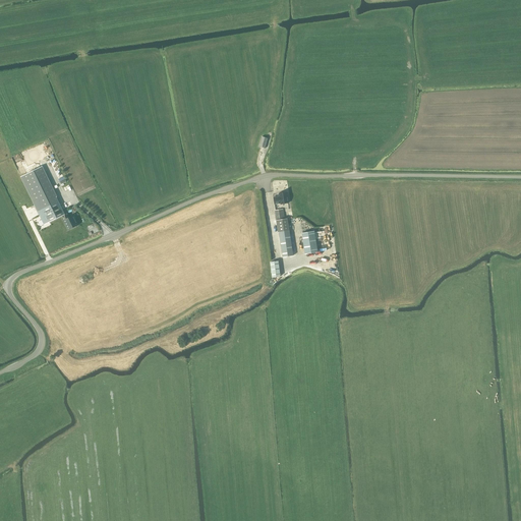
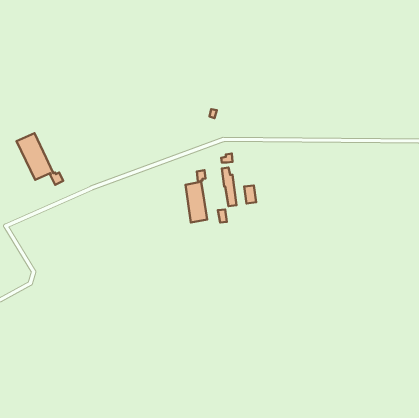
building: none -> [185,170,207,222]

